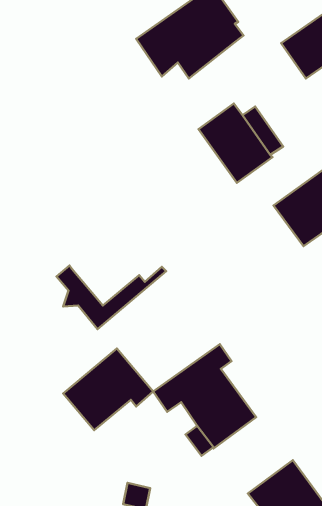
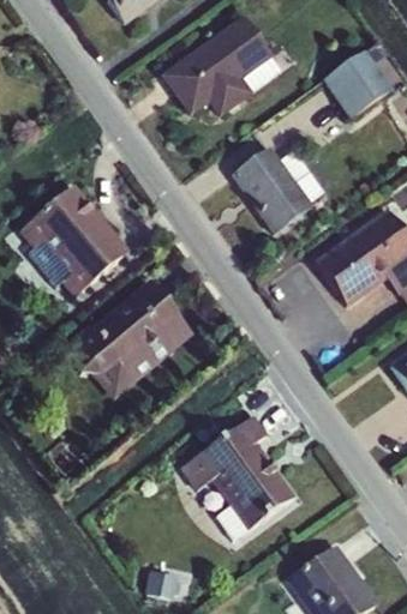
building: none -> [18,186,130,297]
building: [63,348,153,430] -> [89,281,190,372]

